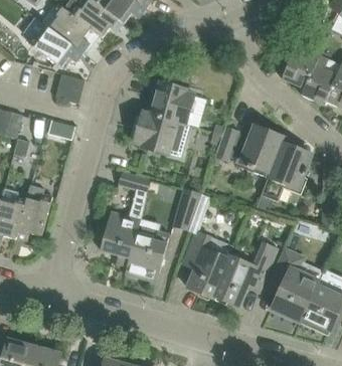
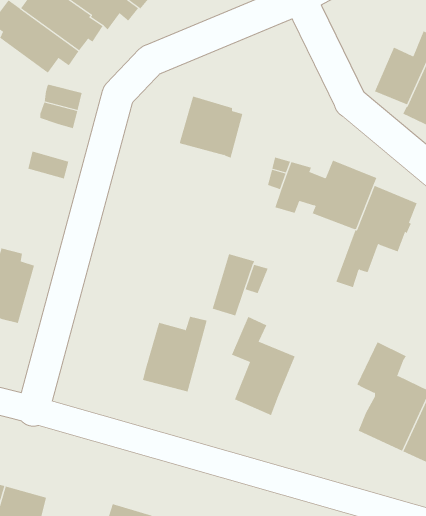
building: [135,111,184,156] -> none
building: [101,171,151,265] -> none
building: [213,242,278,306] -> none

